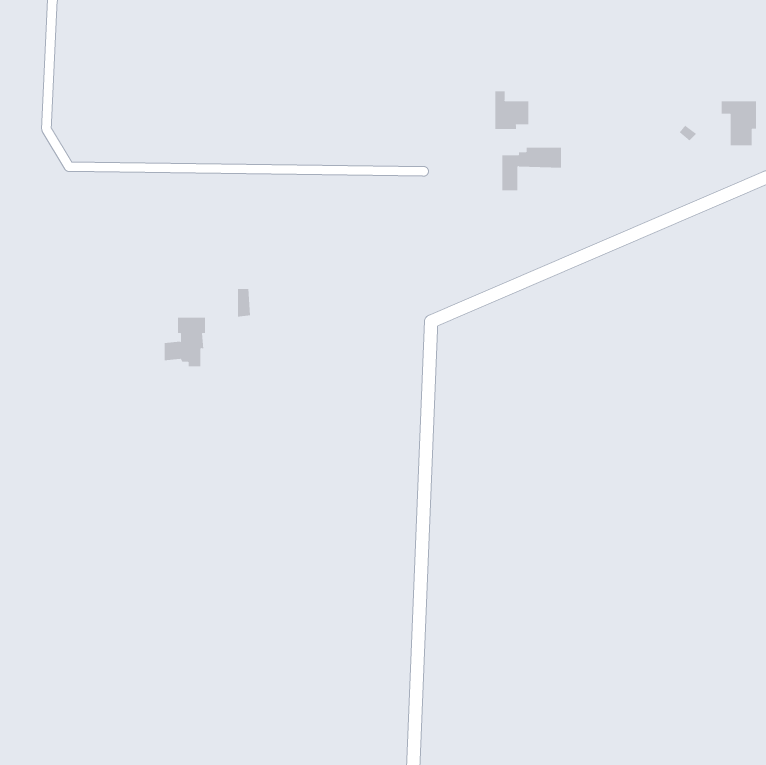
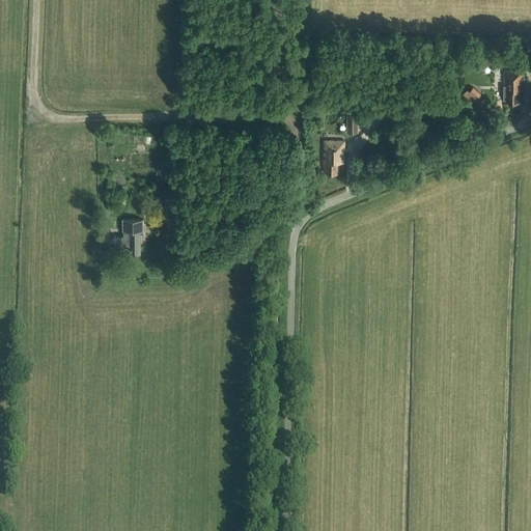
building: [495,91,529,130] -> none
building: none -> [324,142,344,174]

